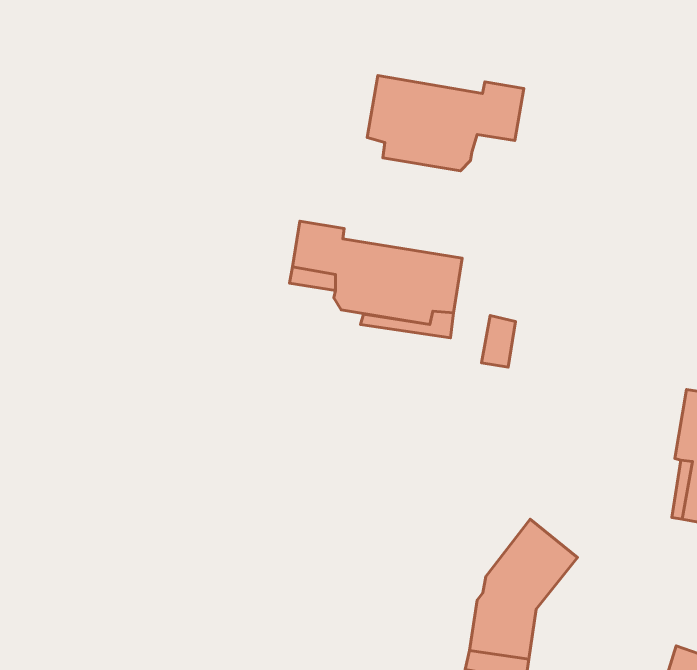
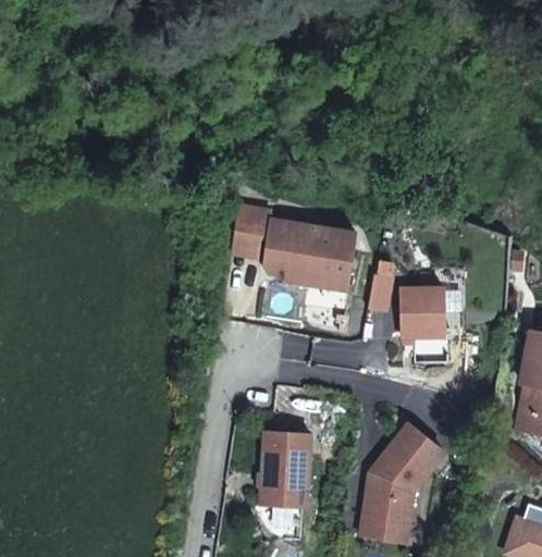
building: [367,75,524,171] -> none
building: none -> [401,288,443,338]
building: none -> [258,430,309,506]

